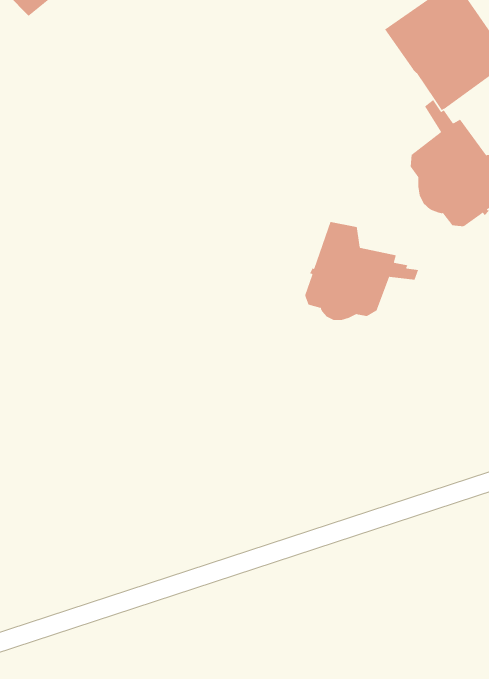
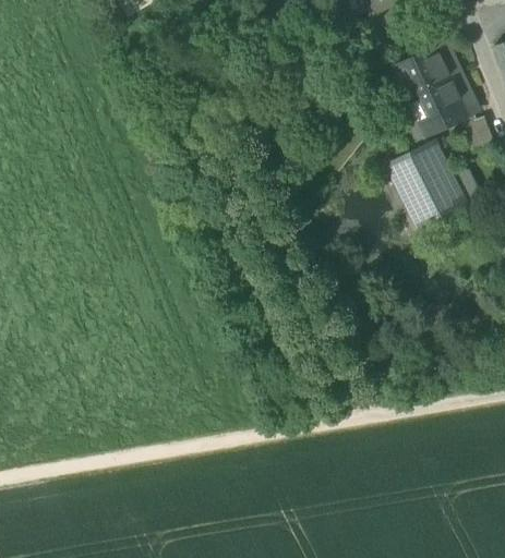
building: [305,221,419,321] -> none

